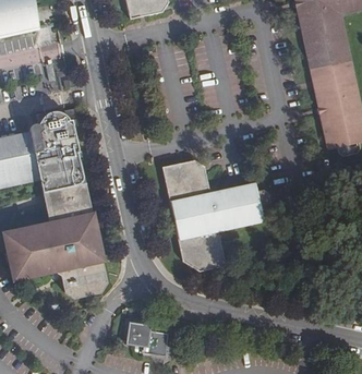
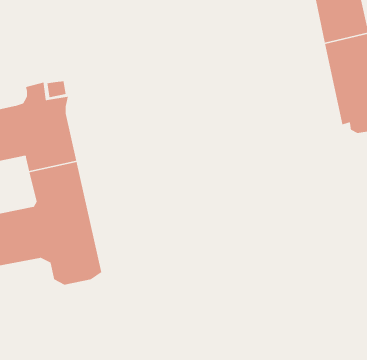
building: [165,160,273,272] -> none
building: [121,325,165,360] -> none

